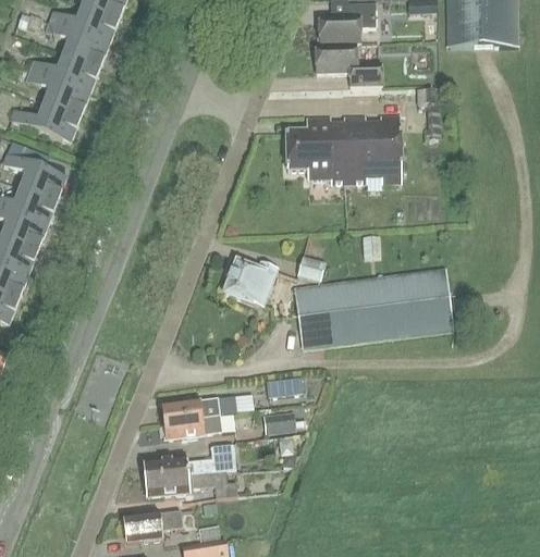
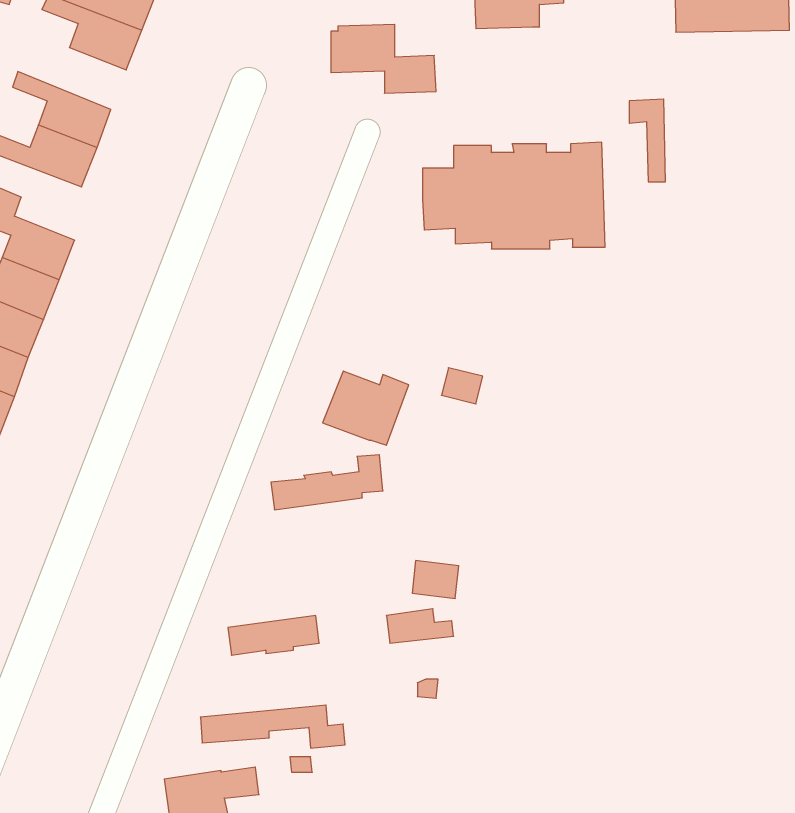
building: [316,41,382,85] -> [331,24,436,93]
building: [30,54,99,94] -> none
building: [294,268,453,348] -> none
building: [161,386,232,421] -> [271,455,383,510]
building: [144,444,234,478] -> none

